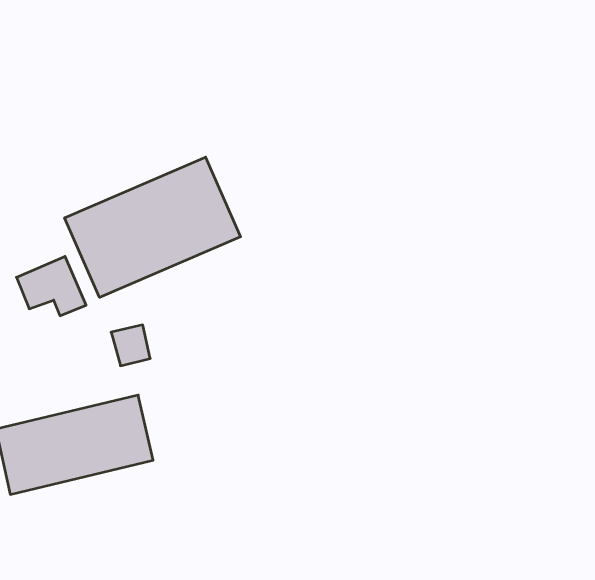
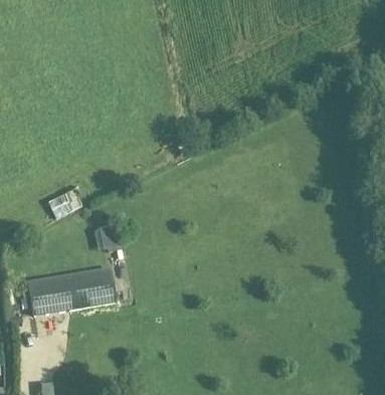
building: [65,157,241,297] -> none

